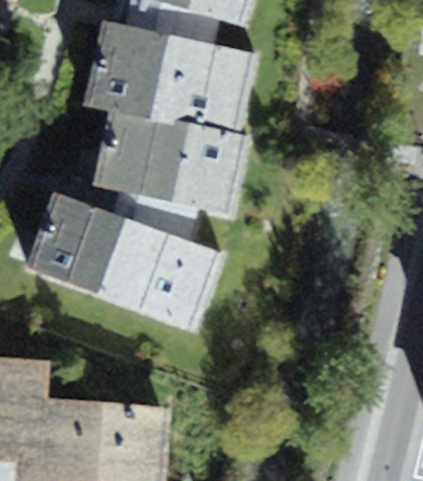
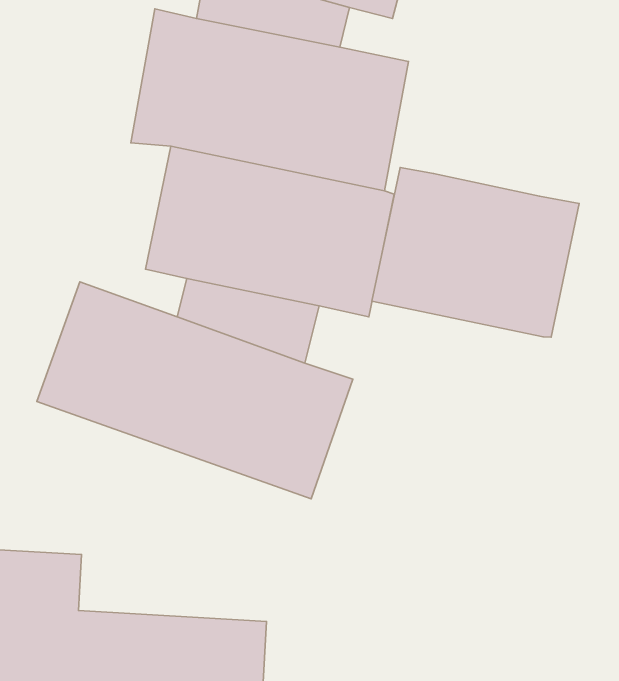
building: none -> [372,167,579,337]

